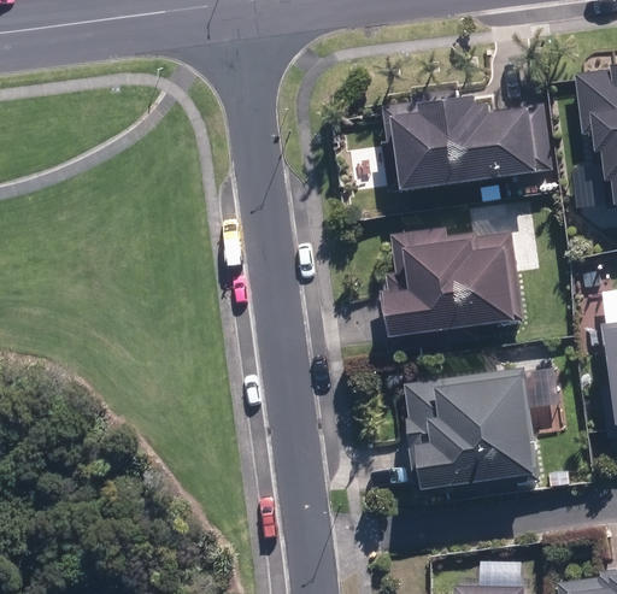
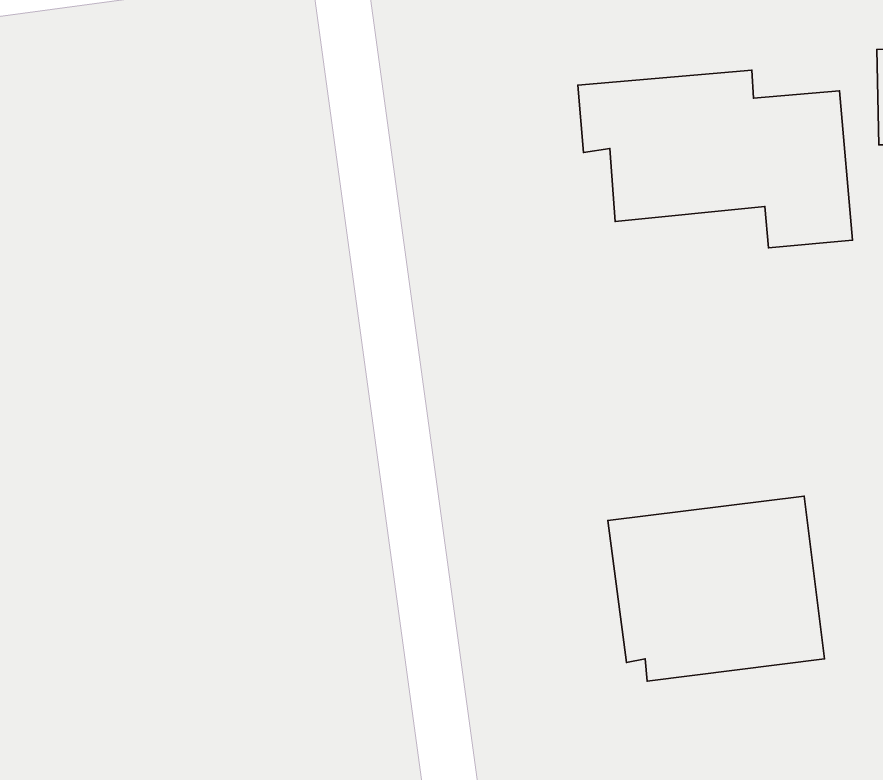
building: [381,225,516,333] -> none

